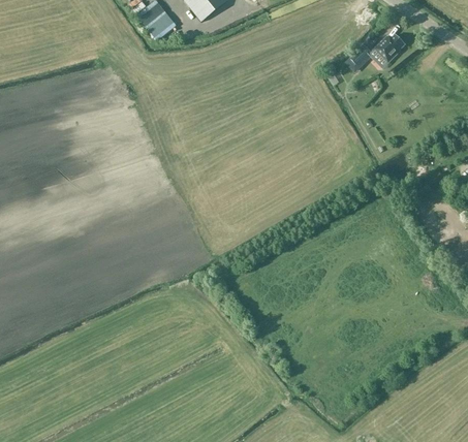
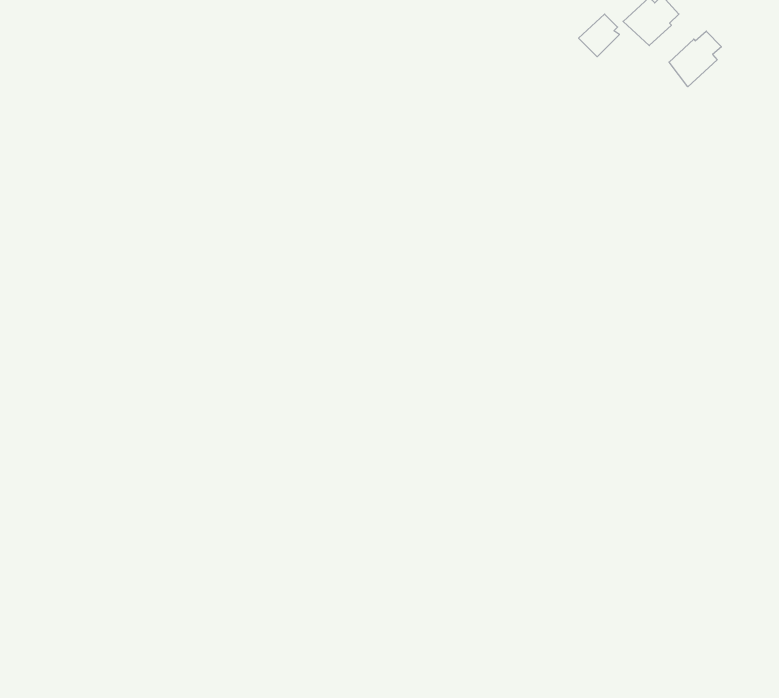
building: none -> [669,31,721,87]

